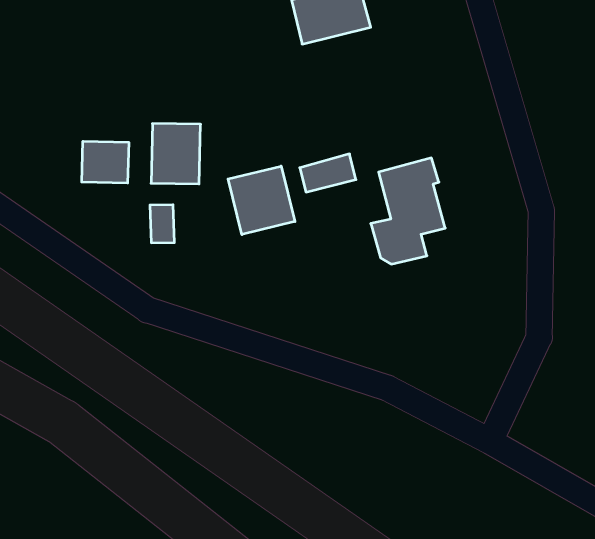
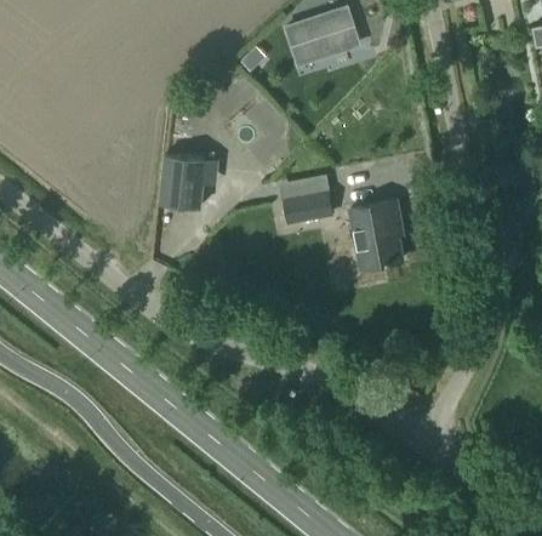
building: [82,141,129,183] -> none
building: [228,166,295,235] -> none

